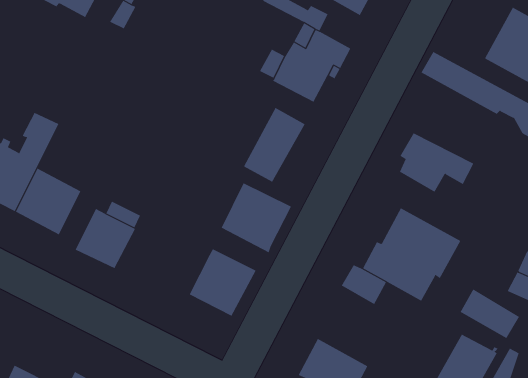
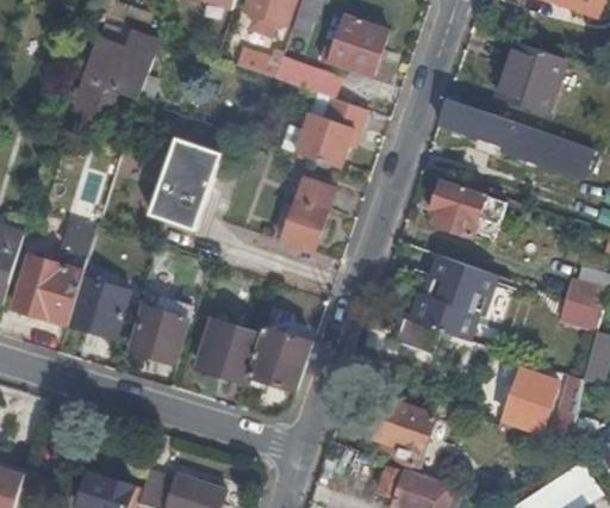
building: none -> [150,140,220,229]
building: [221,183,292,253] -> [197,318,262,383]
building: [460,289,520,339] -> none

